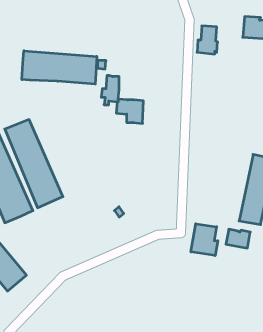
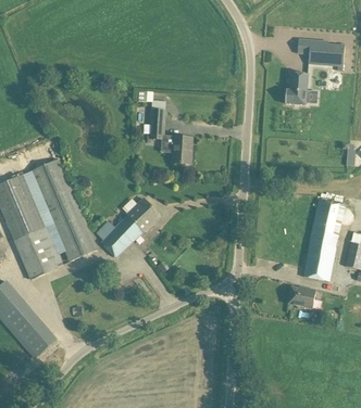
building: [197,26,218,54] -> [284,72,308,104]
building: [22,51,97,84] -> none
building: none -> [95,196,159,255]
building: [191,224,218,256] -> none

